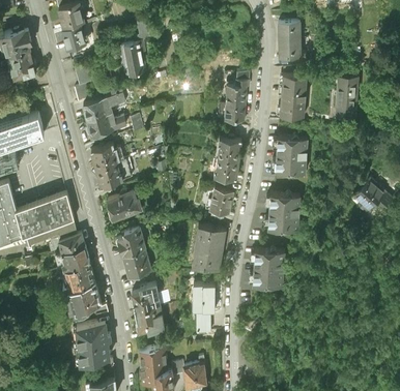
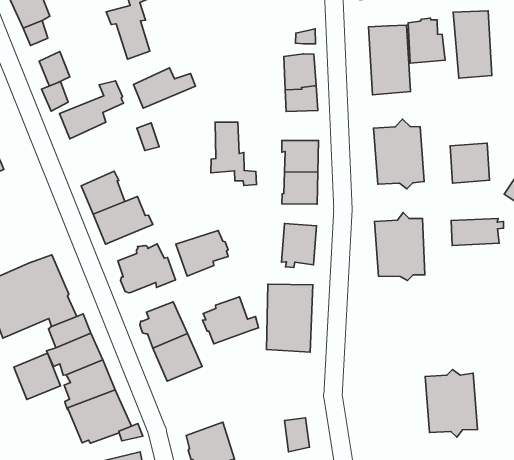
building: none -> [408,18,445,63]
building: [87,114,125,137] -> [133,68,195,108]
building: none -> [211,122,257,186]
building: none -> [450,143,490,183]
building: none -> [176,231,228,276]
building: none -> [451,218,504,245]
building: [252,250,284,293] -> [425,369,477,437]
building: none -> [14,353,60,400]
building: [130,288,164,314] -> [202,297,259,344]
building: [193,289,213,313] -> none

